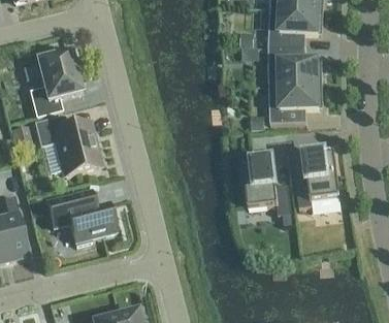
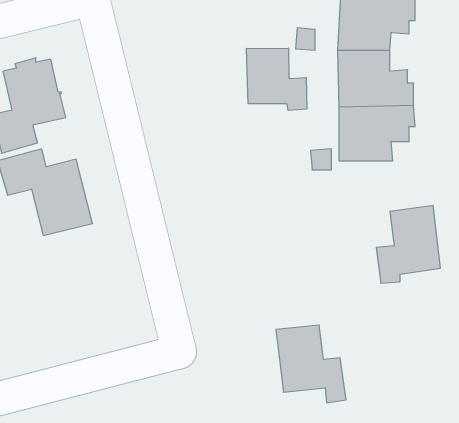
building: none -> [247,48,307,110]
building: [244,161,292,215] -> [276,325,346,403]
building: [45,187,118,245] -> none

